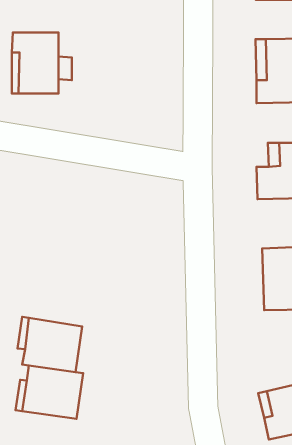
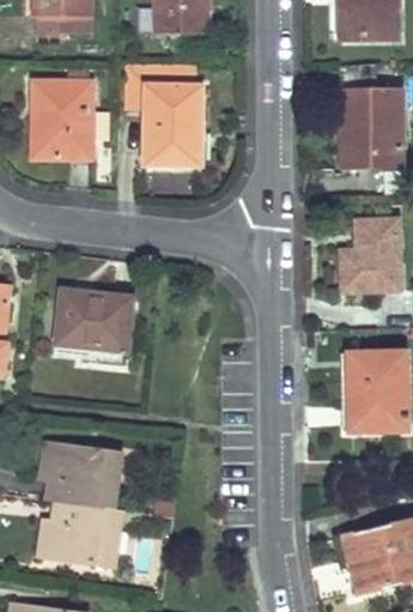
building: none -> [145,84,200,163]
building: none -> [55,287,132,350]

